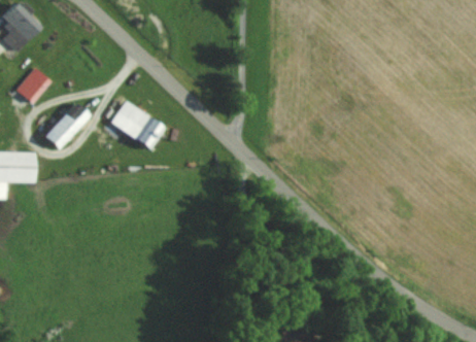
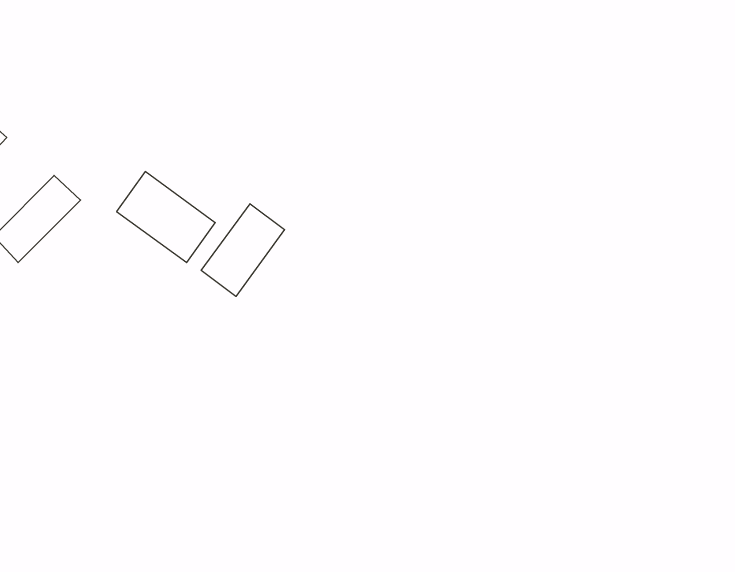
building: none -> [201,204,285,296]

